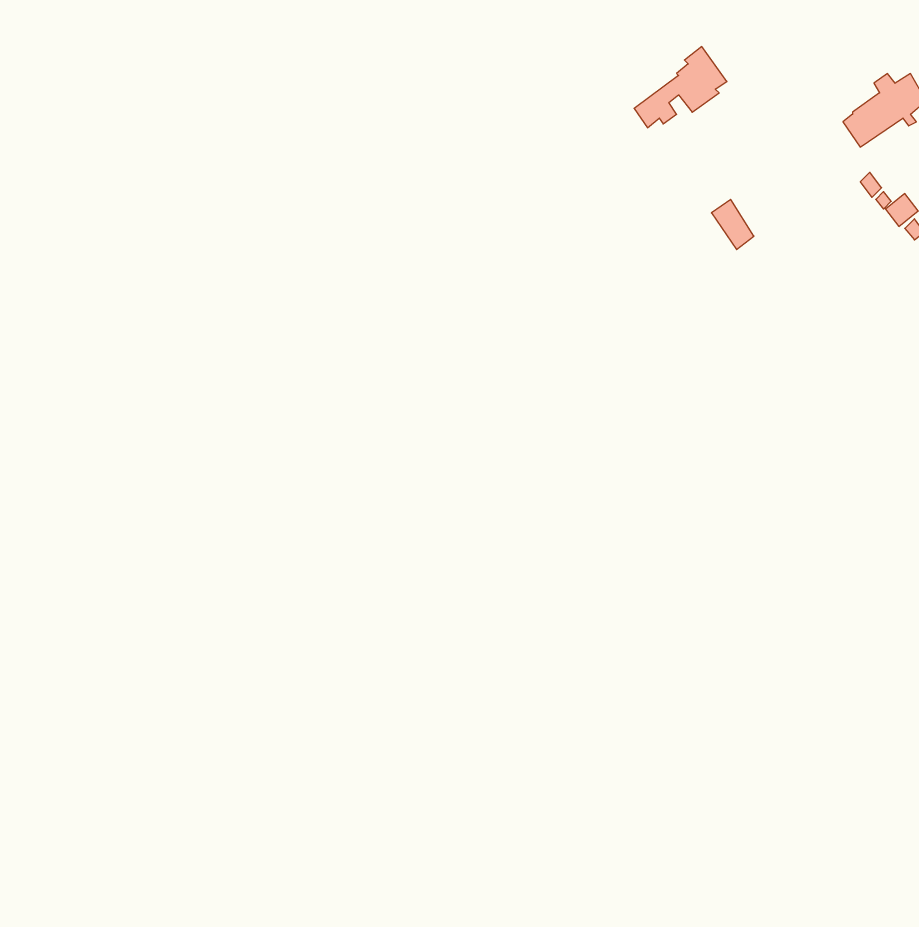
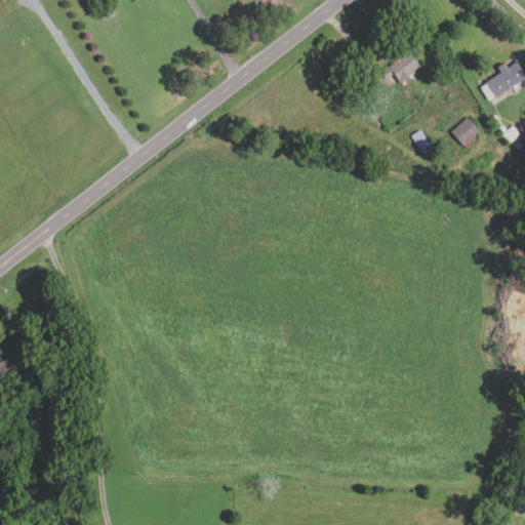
building: none -> [451,117,480,149]

